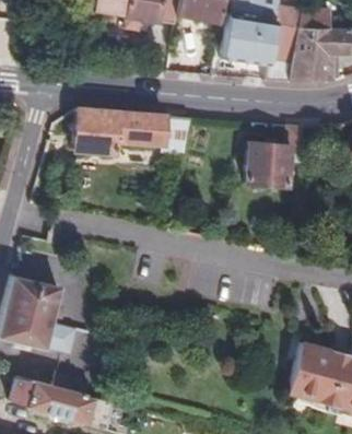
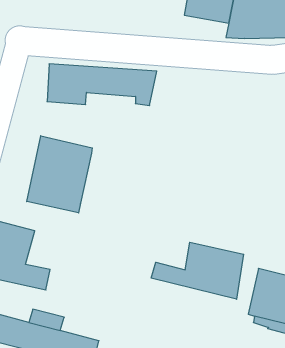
building: [245,124,304,185] -> none
building: none -> [27,136,92,213]
building: none -> [151,242,244,299]

